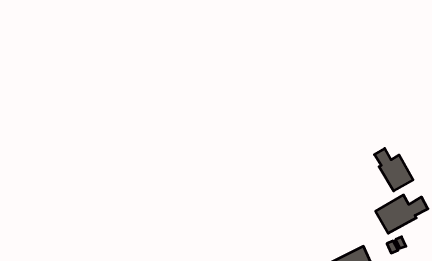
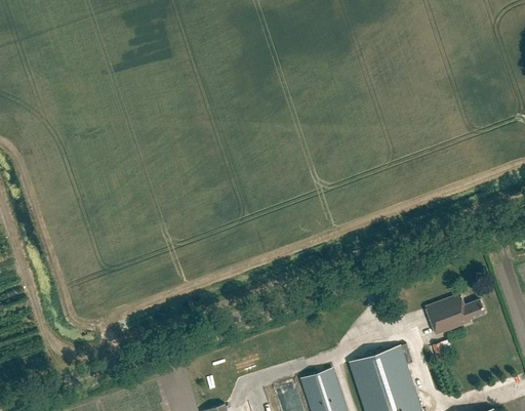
building: [374,148,413,191] -> none

